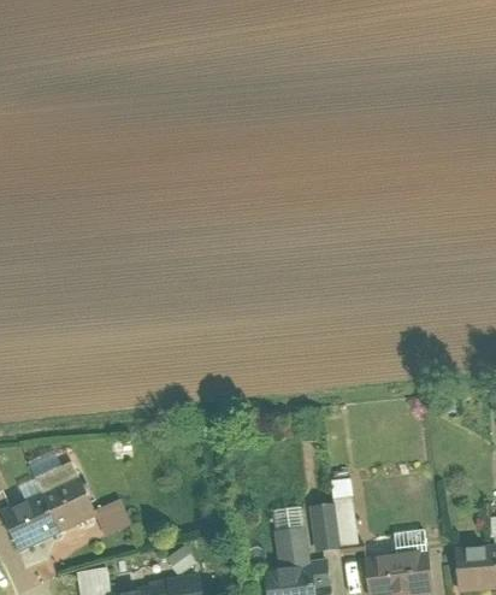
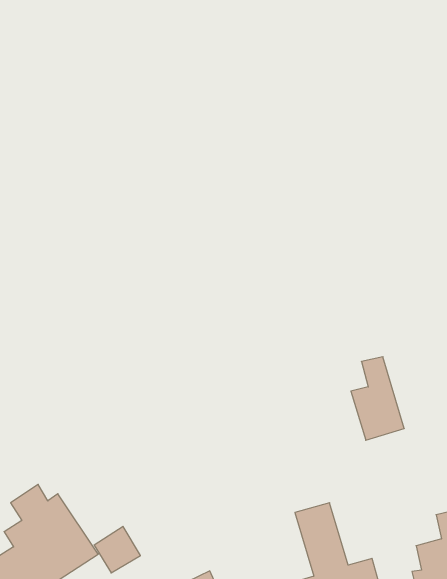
building: [317,481,358,550] -> [351,357,404,440]

